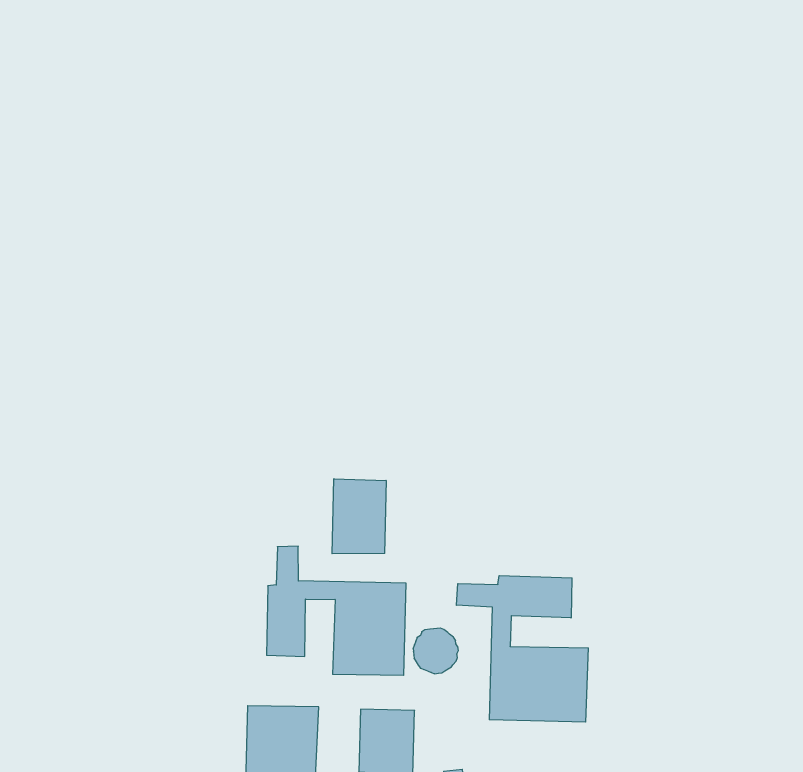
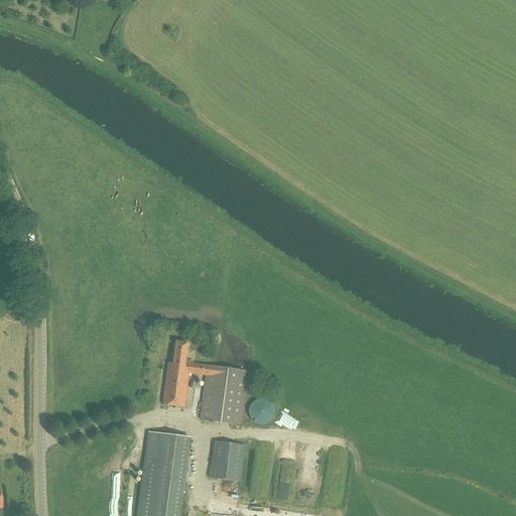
building: [332,479,386,554] -> none
building: [456,576,588,722] -> none

